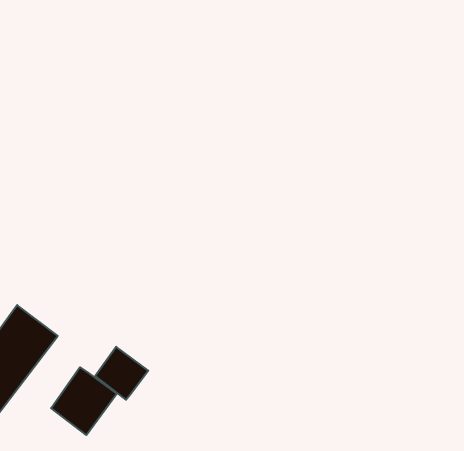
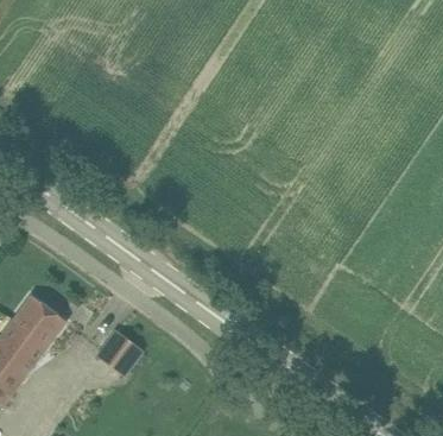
building: [51,367,117,435] -> none

